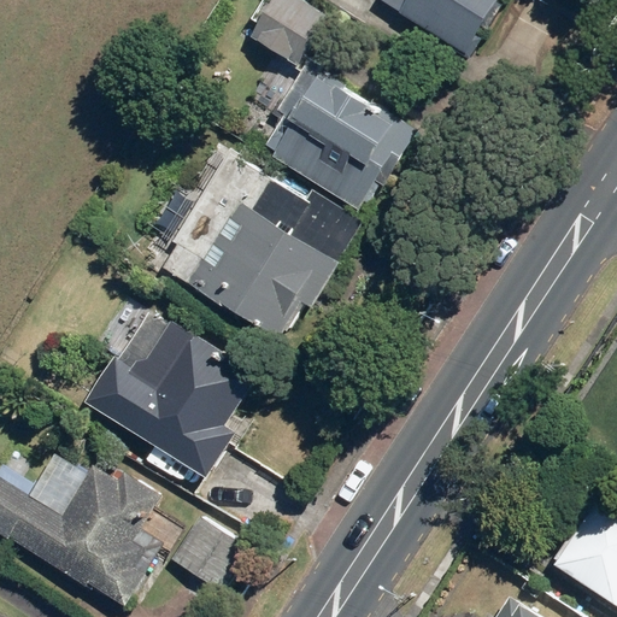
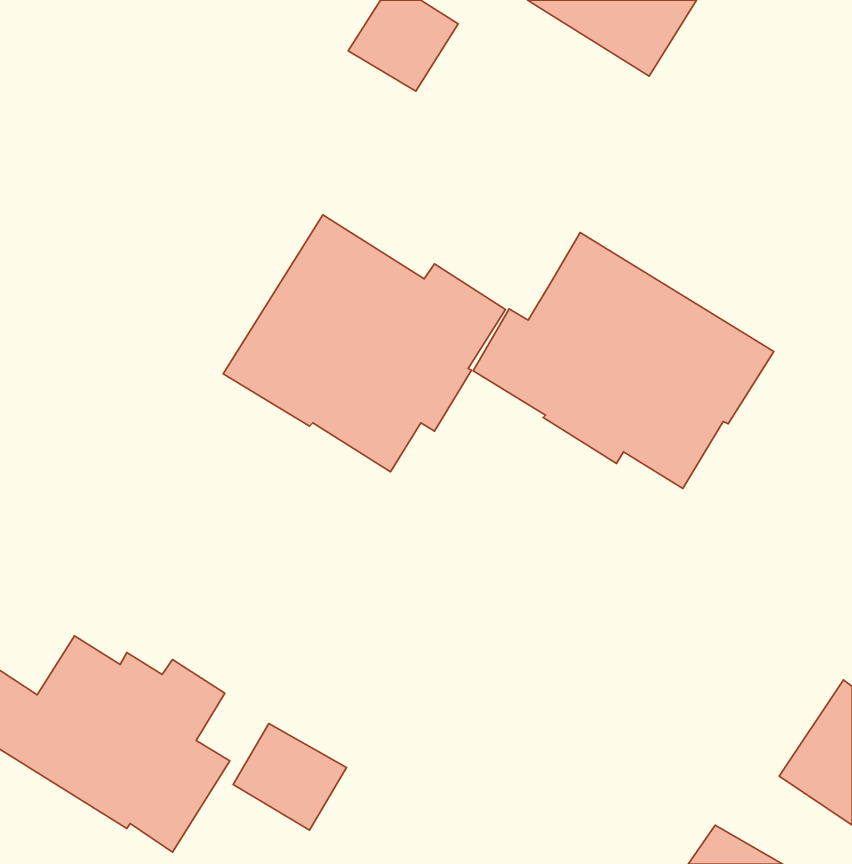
building: [263,60,417,211] -> none
building: none -> [473,233,774,489]
building: [84,311,258,477] -> none

